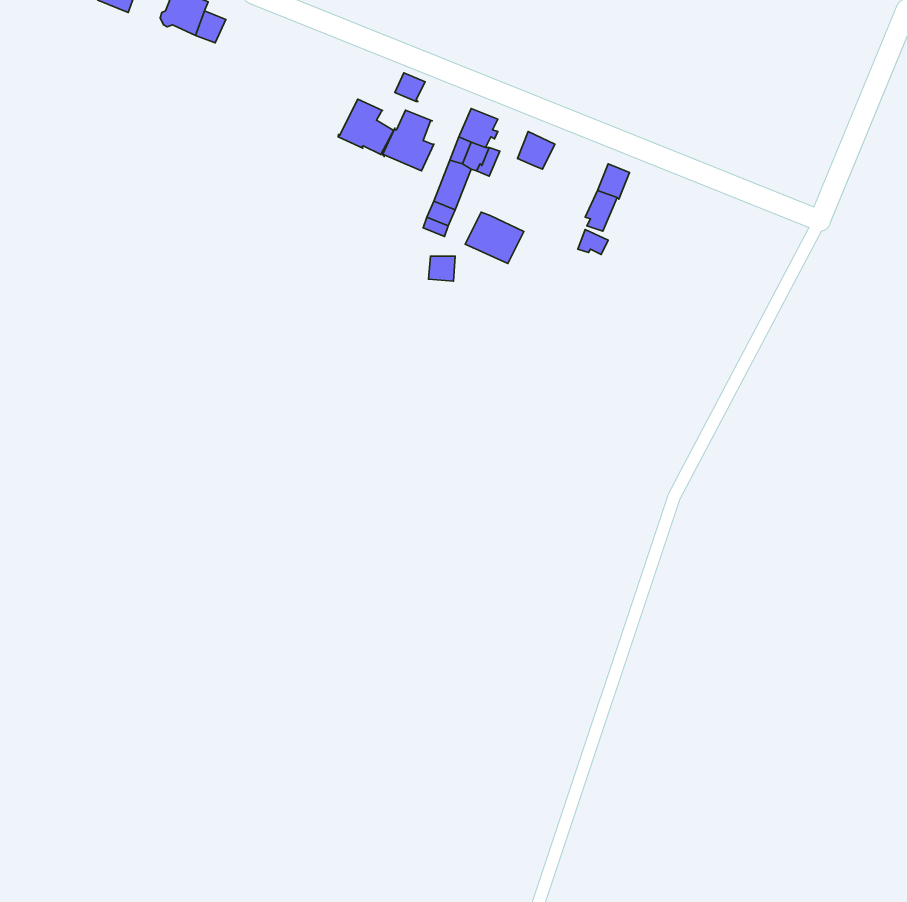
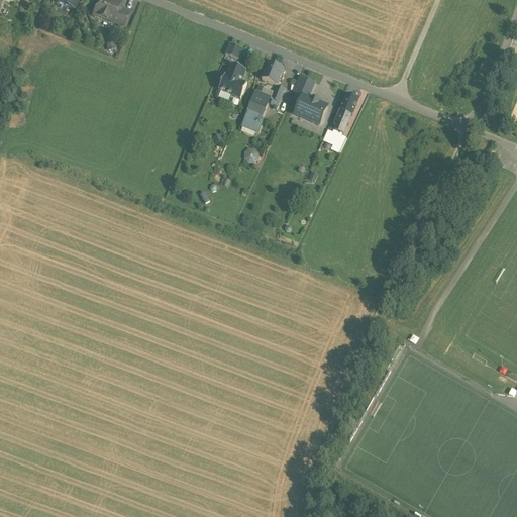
building: [338,99,394,154] -> none
building: [465,212,524,264] -> [294,94,327,123]

